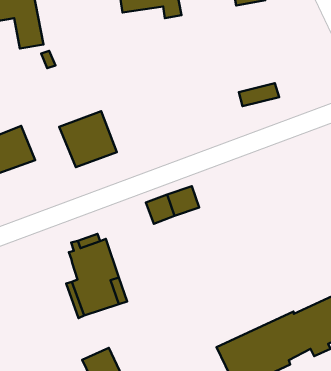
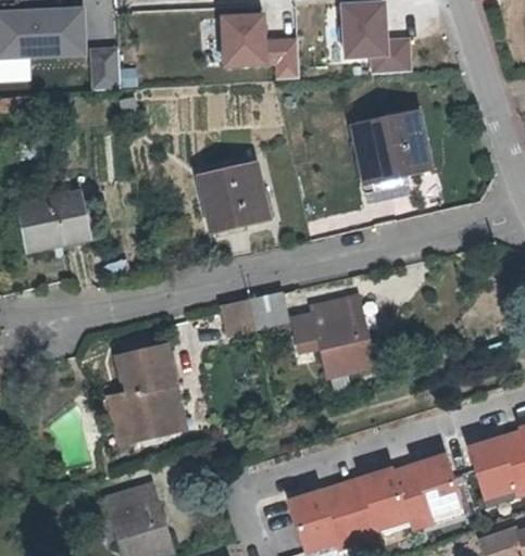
building: none -> [352,113,428,177]
building: [59,111,117,167] -> [199,164,267,230]
building: none -> [292,302,372,380]

